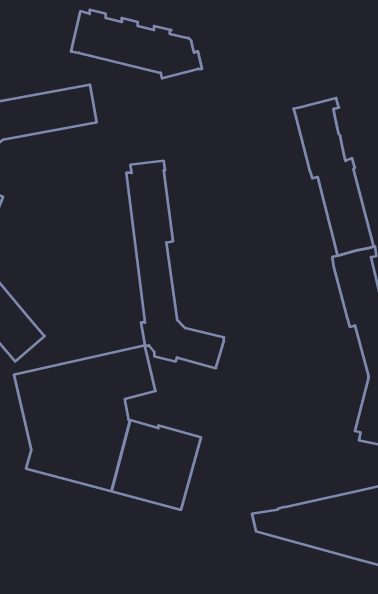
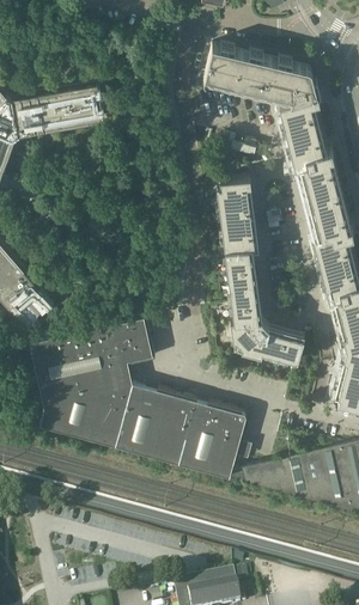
building: [71,10,202,78] -> [203,44,321,105]
building: [126,161,224,368] -> [217,178,304,363]
building: none -> [178,401,251,479]

